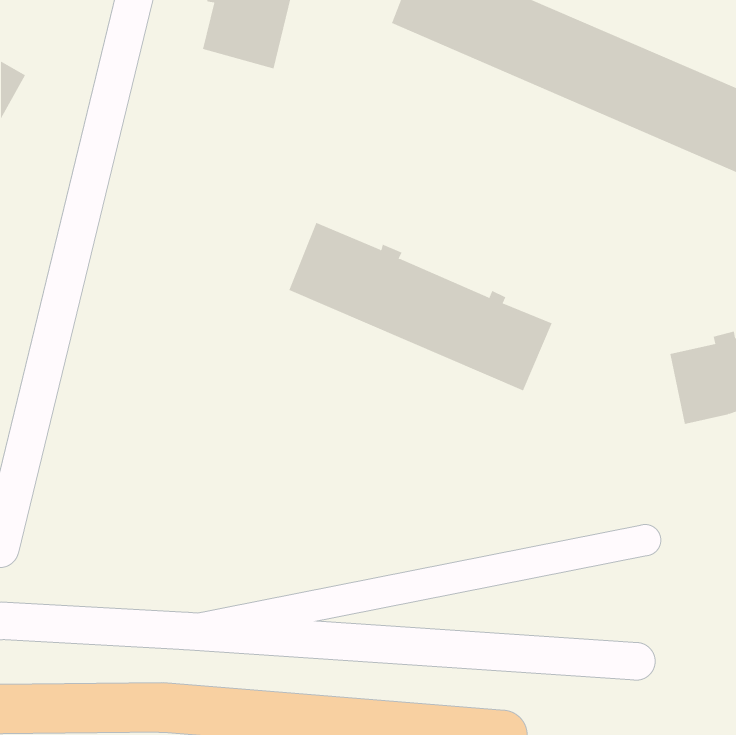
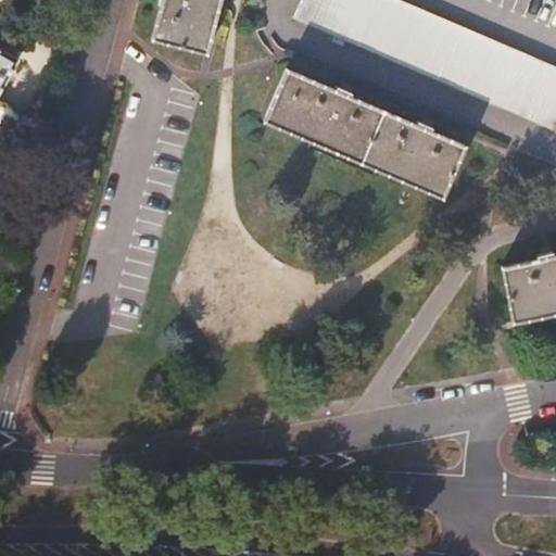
building: [288,222,552,391] -> [267,68,466,195]

